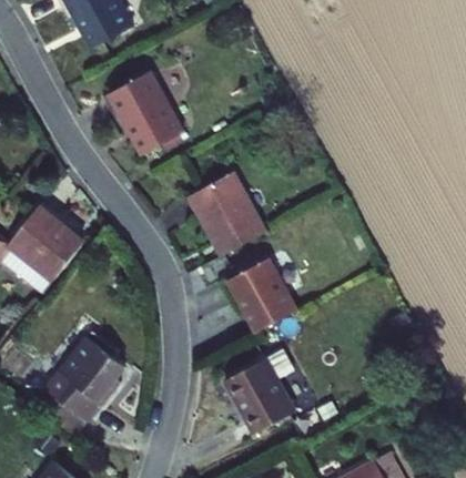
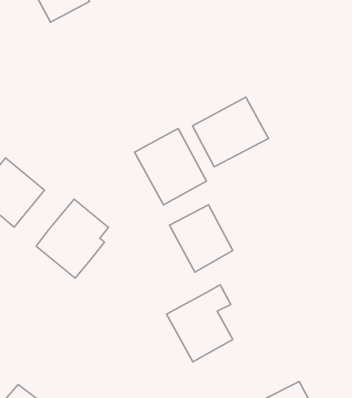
building: [101,68,186,160] -> none
building: none -> [193,97,268,167]
building: [42,334,124,424] -> [36,199,108,278]

